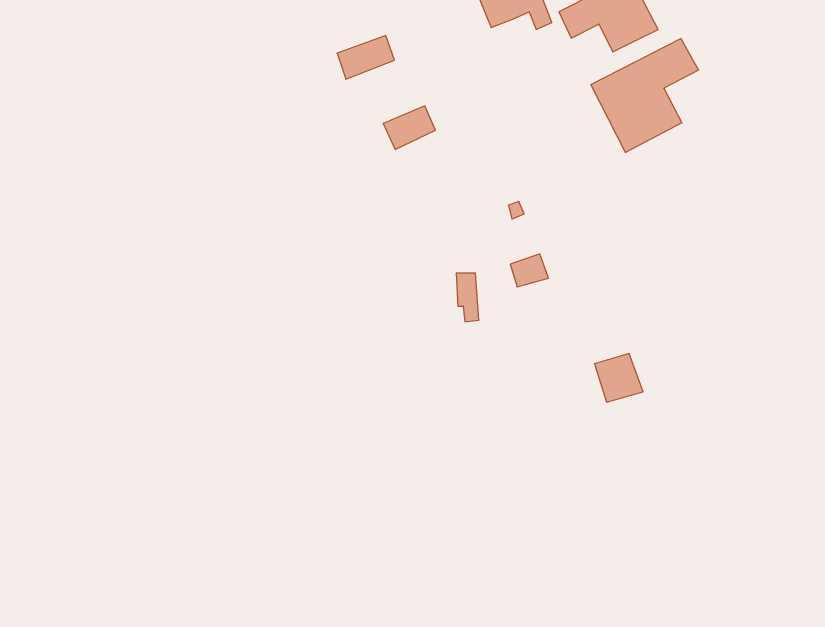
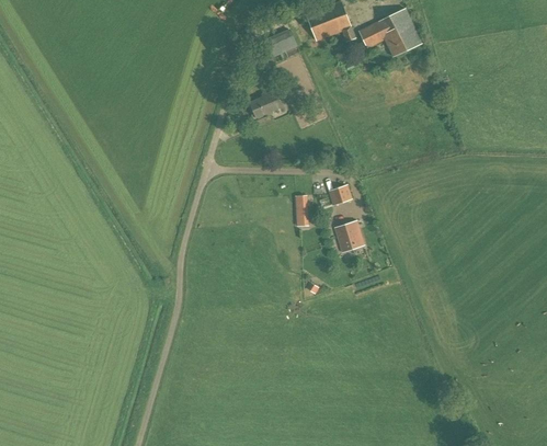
building: [337,36,394,79] -> [259,31,295,58]
building: [591,38,699,152] -> none
building: [594,354,643,402] -> [334,221,365,252]

